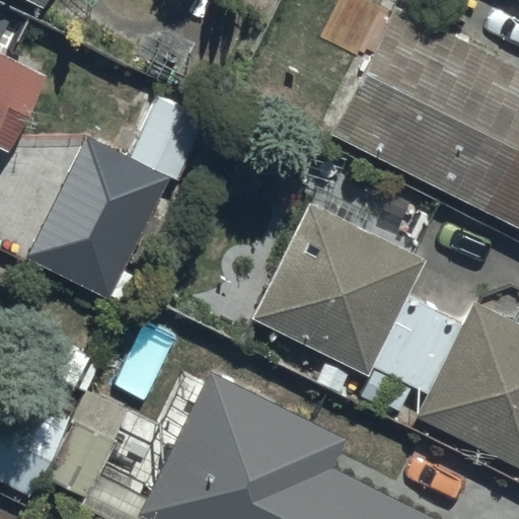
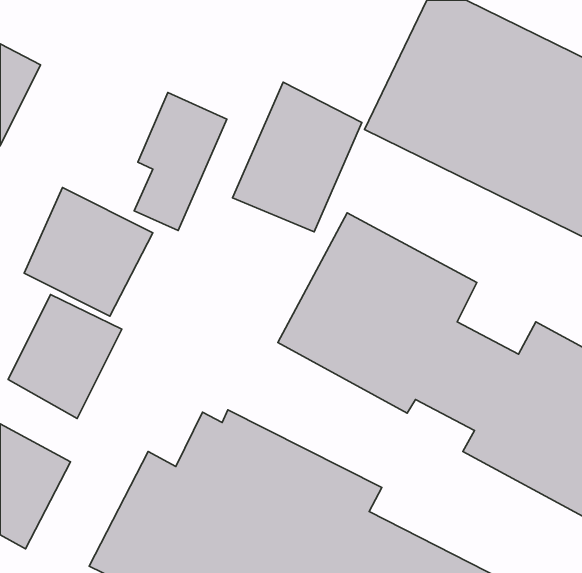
building: none -> [233,82,362,232]
building: none -> [8,295,122,418]

